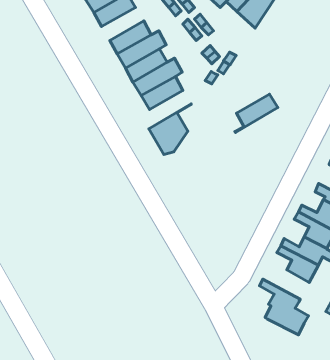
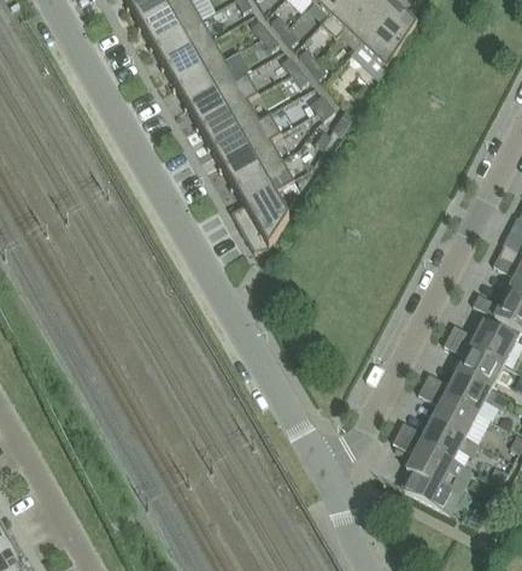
building: none -> [164,37,225,86]
building: [235,94,278,132] -> [231,158,294,213]
building: none -> [398,418,480,460]

